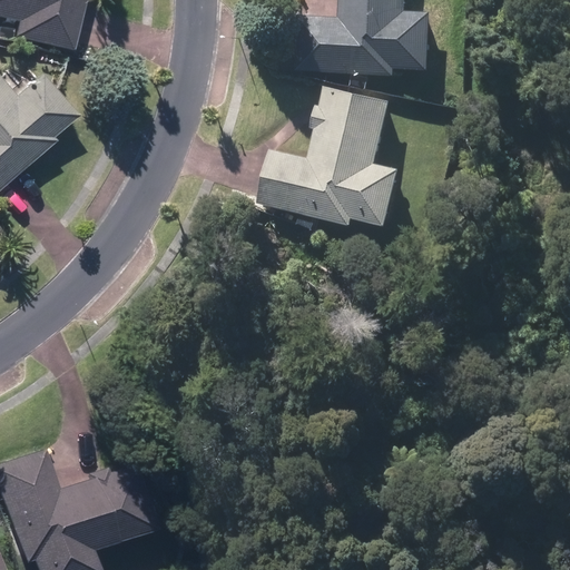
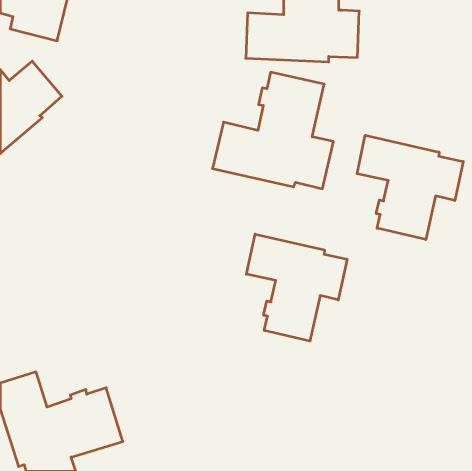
building: none -> [357,135,463,240]
building: none -> [246,234,347,341]

